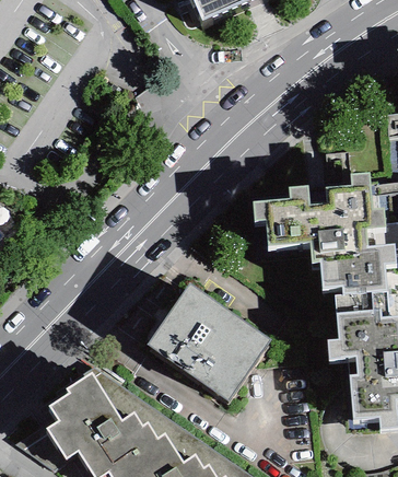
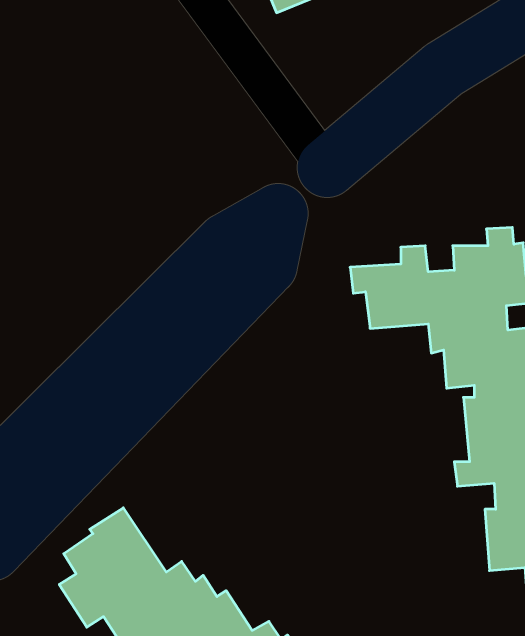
building: [147,282,271,402] -> none

